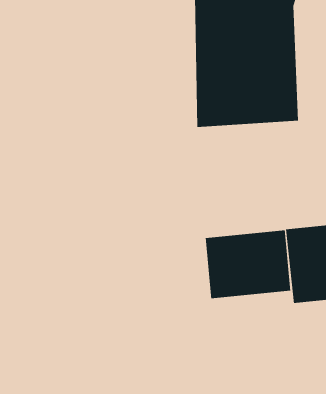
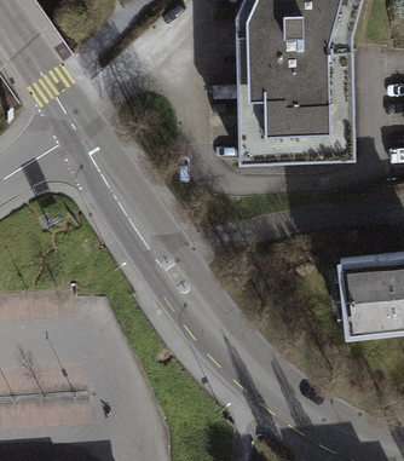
building: [205,229,291,299] -> none

